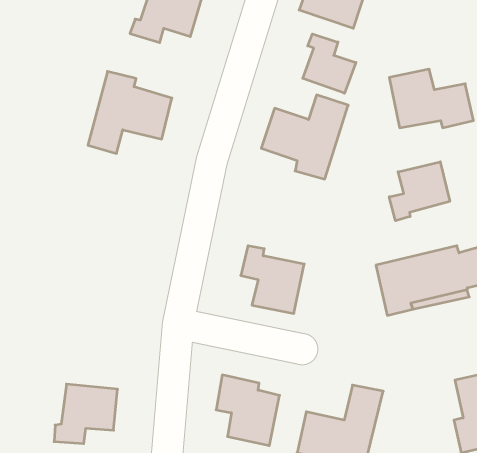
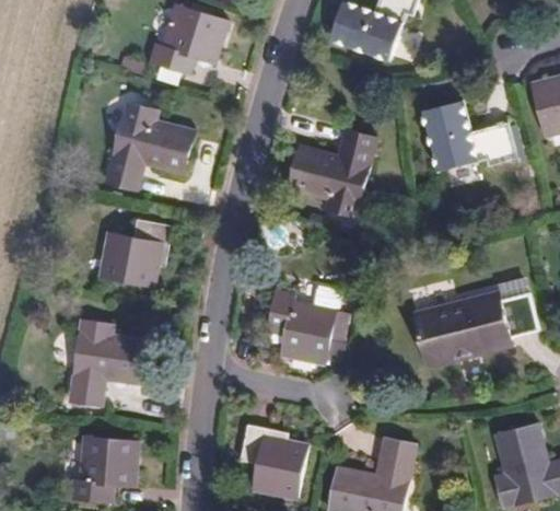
building: [303,34,356,93] -> none
building: [389,162,450,221] -> none
building: none -> [96,219,170,284]
building: none -> [65,318,149,406]

